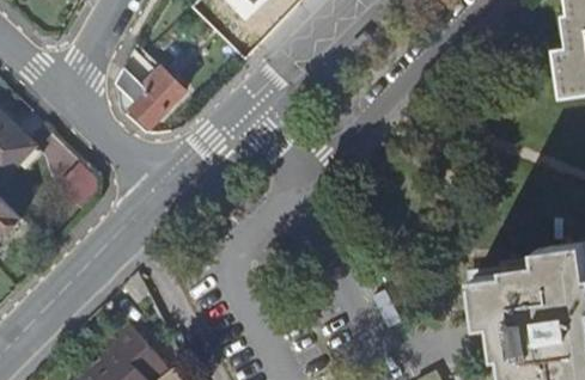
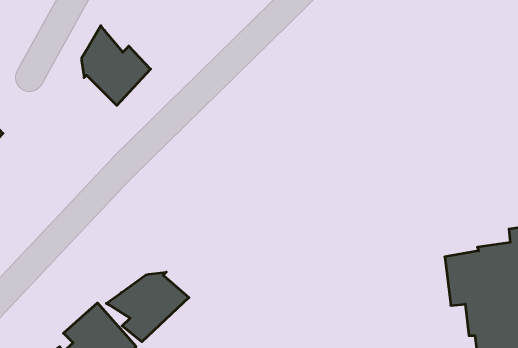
building: none -> [106,272,189,342]

